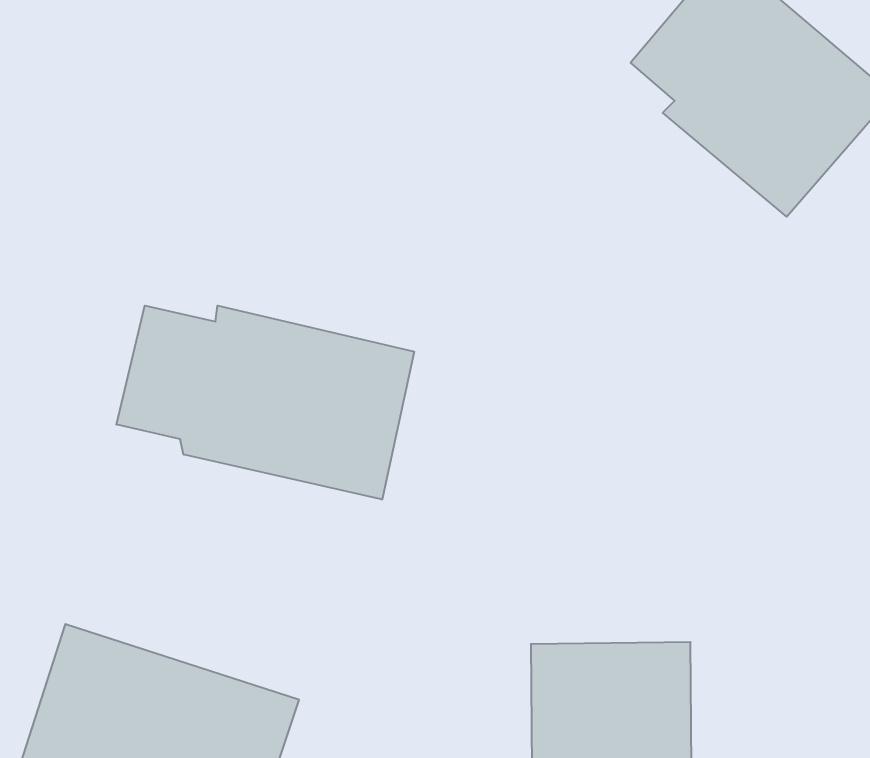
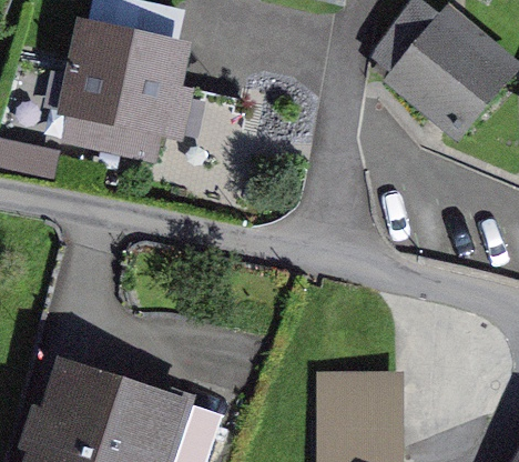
building: none -> [64,19,192,133]
building: [116,306,414,500] -> none

